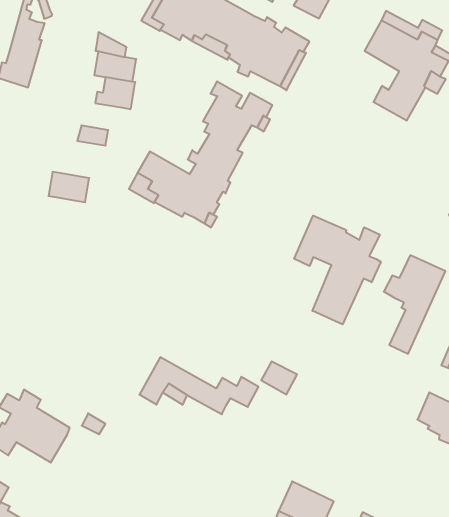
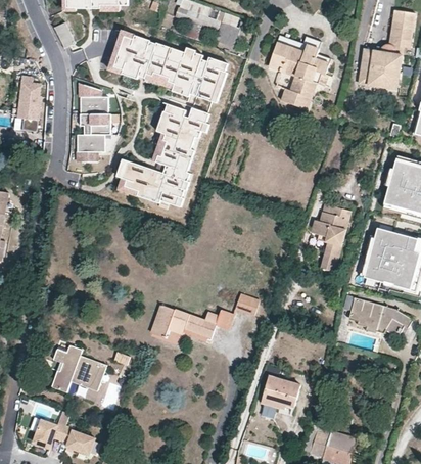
building: [48,172,89,202] -> [79,133,105,150]
building: [294,216,381,324] -> none

